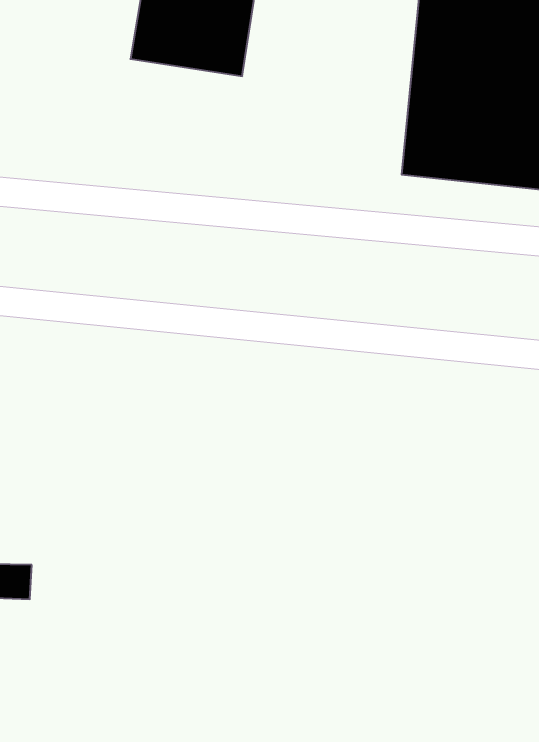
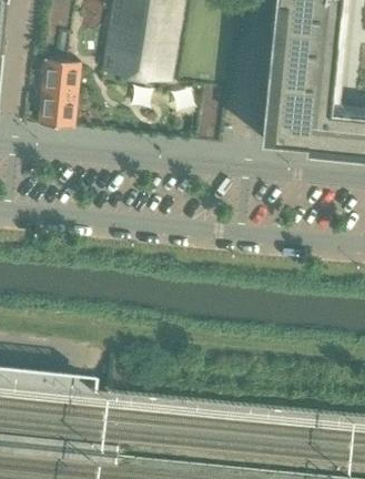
building: none -> [37,67,82,133]

